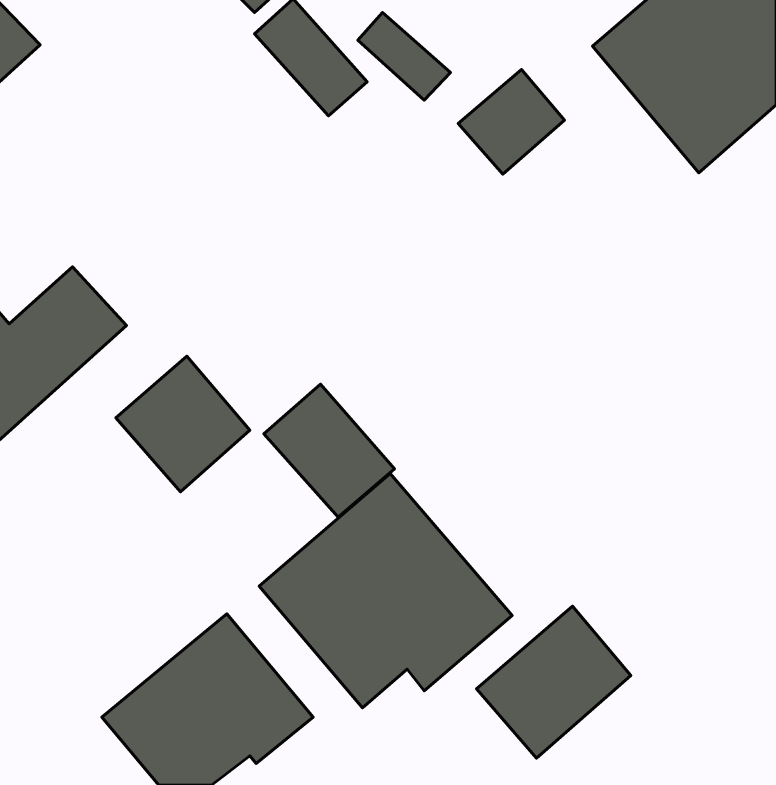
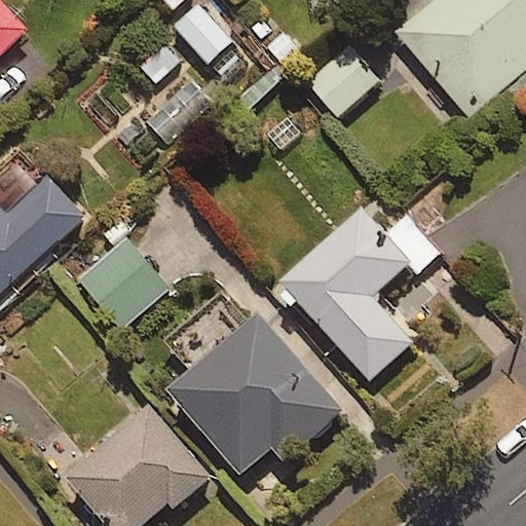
building: none -> [283,206,411,379]
building: [264,384,395,517] -> none
building: [476,606,631,758] -> none

